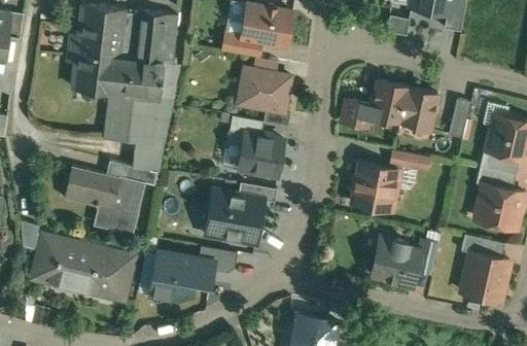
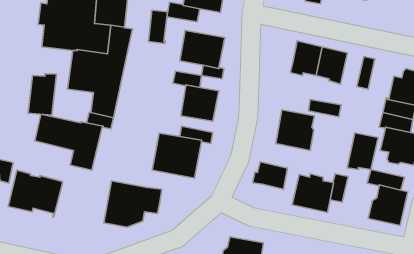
building: none -> [148,10,168,43]
building: [340,100,372,128] -> none
building: none -> [28,74,56,115]
building: none -> [347,133,378,170]
building: none -> [253,162,288,189]
building: [198,246,236,273] -> none
building: [86,250,133,300] -> none

